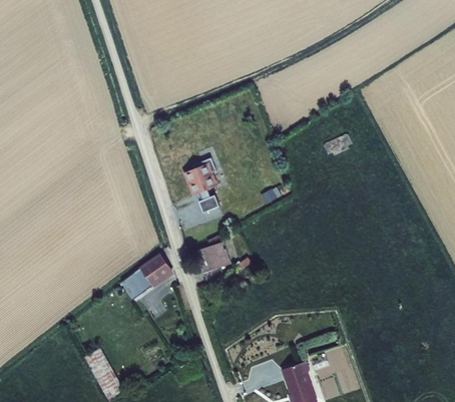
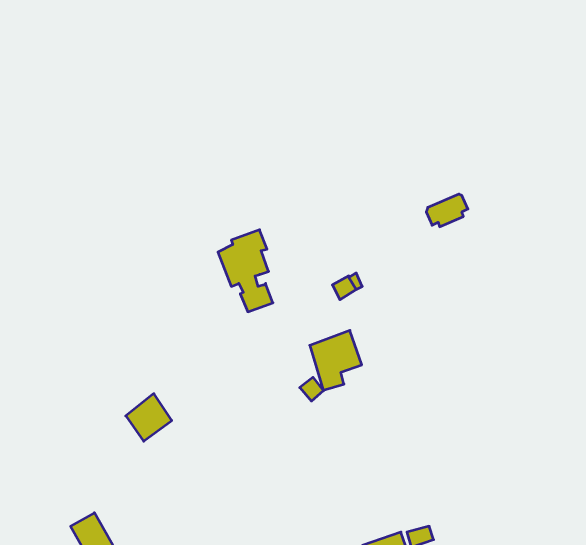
building: [196,241,232,281] -> [310,330,362,390]
building: [139,253,174,288] -> none

